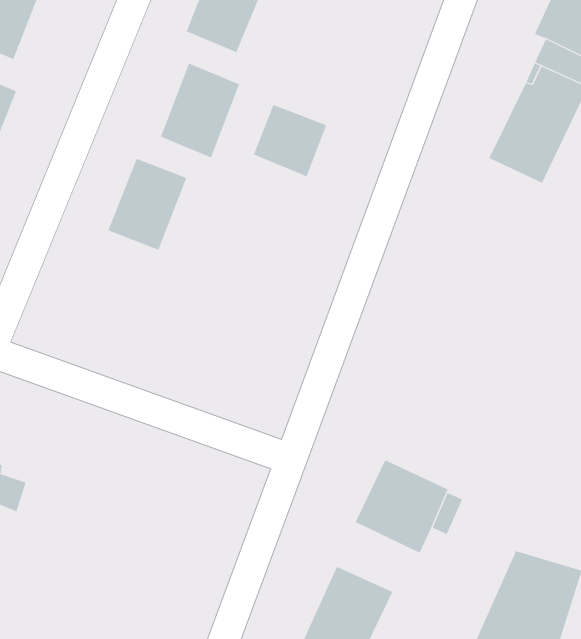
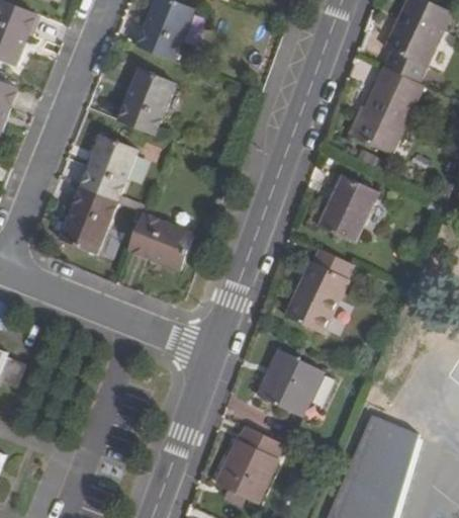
building: [253,104,327,177] -> none
building: none -> [319,177,377,244]
building: none -> [60,187,117,254]
building: none -> [129,213,194,270]
building: none -> [284,249,352,335]

